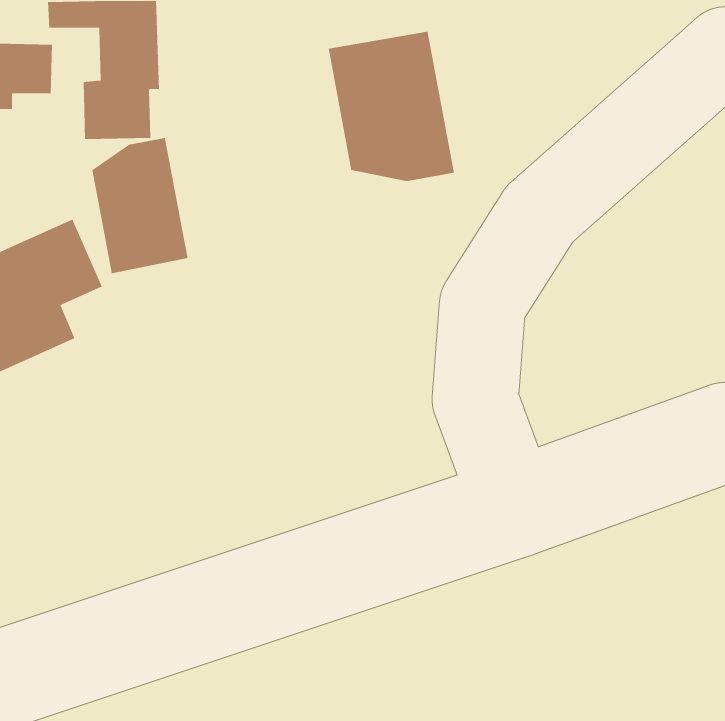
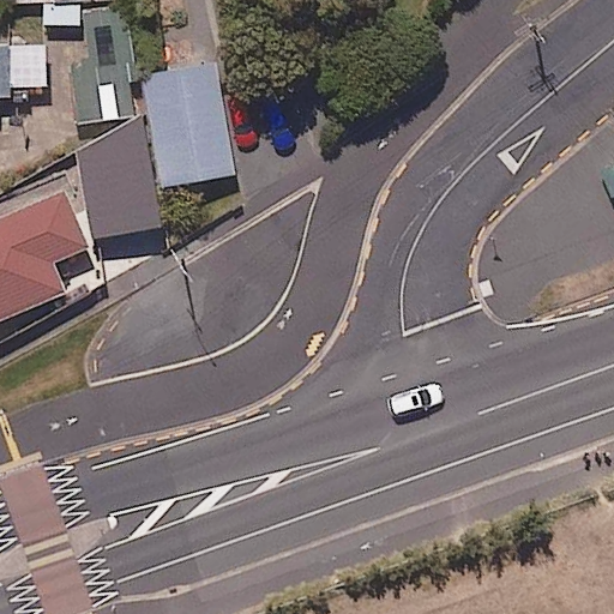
building: [328,31,455,182] -> none
building: none -> [142,64,234,187]

